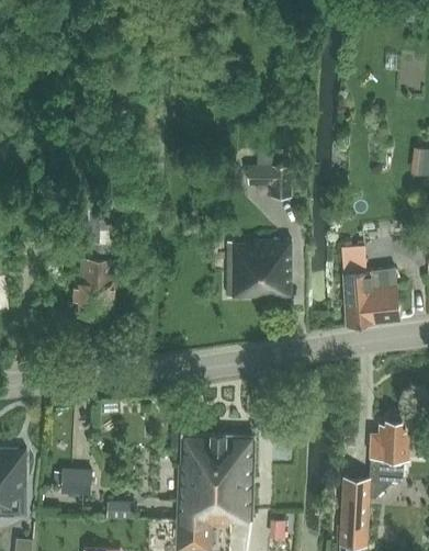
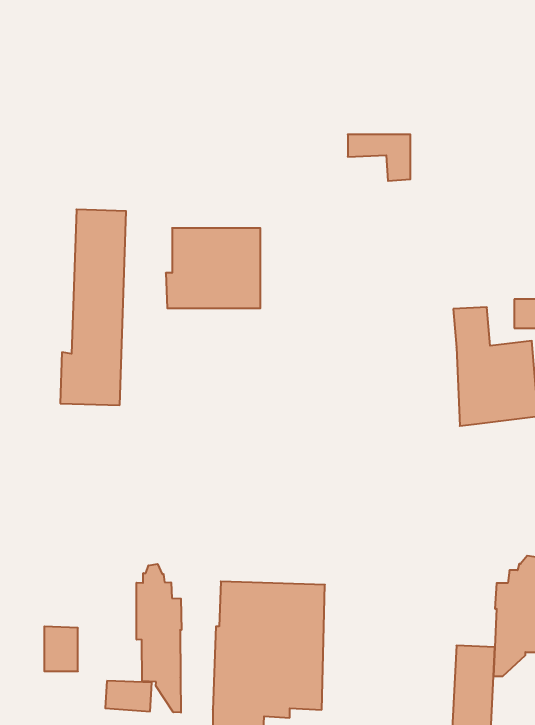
building: [247,168,290,200] -> [348,134,410,181]
building: [226,243,291,297] -> [166,228,260,308]
building: none -> [137,564,181,713]

